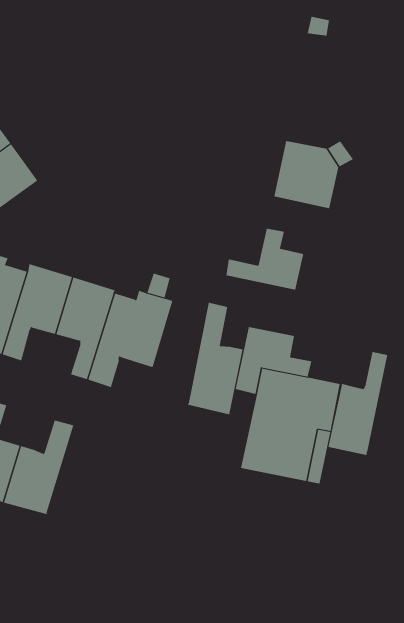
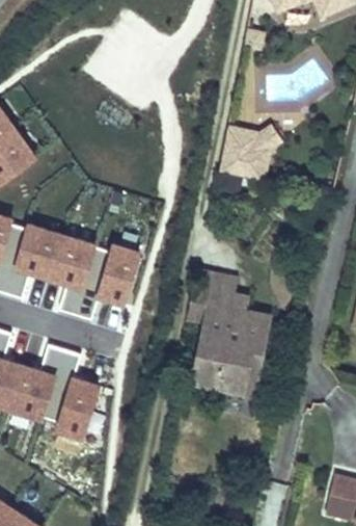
building: [226,228,304,291] -> none
building: [187,302,243,415] -> none
building: [328,351,388,456] -> none
building: none -> [43,348,99,436]

